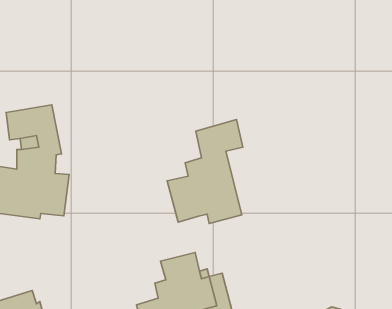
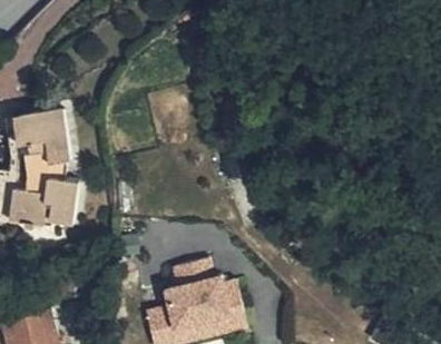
building: [167,120,243,223] -> none

